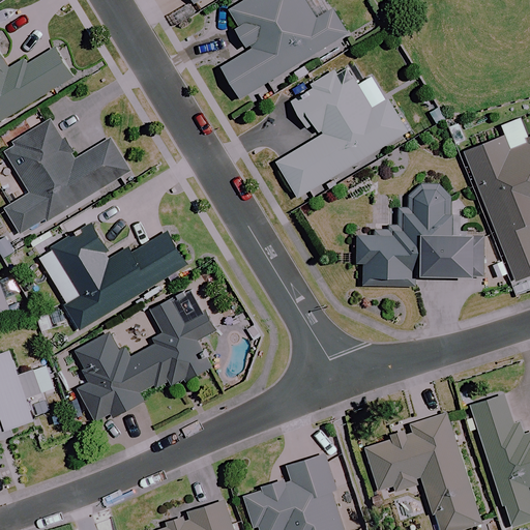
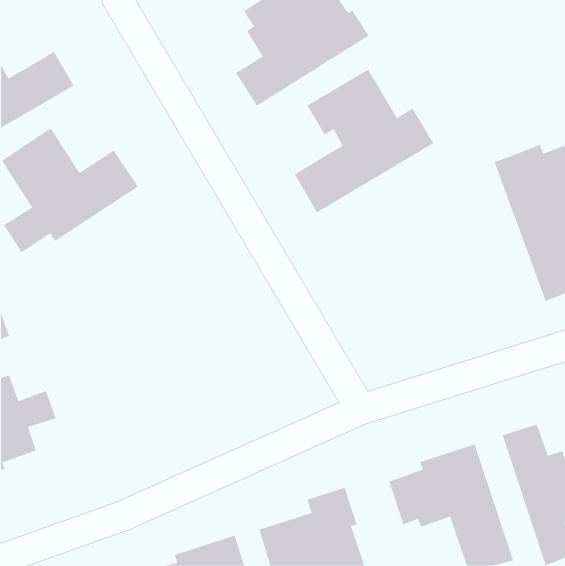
building: [357,183,482,286] -> none
building: [48,220,184,333] -> none
building: [73,296,214,426] -> none

